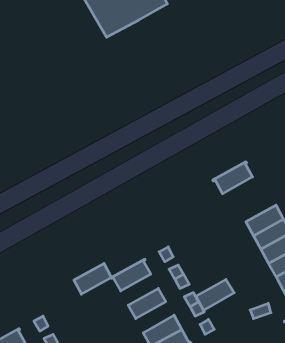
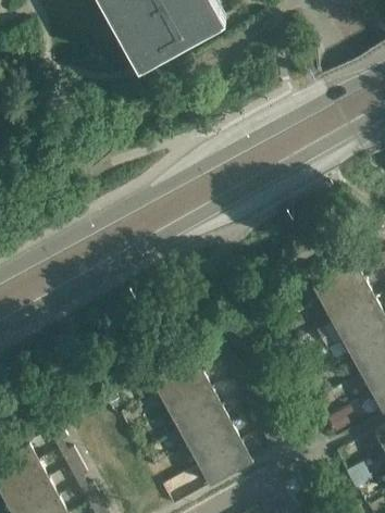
building: [213,162,253,194] -> [312,263,364,304]
building: [74,263,112,294] -> [162,373,211,413]
building: [196,279,234,310] -> [182,409,232,449]

